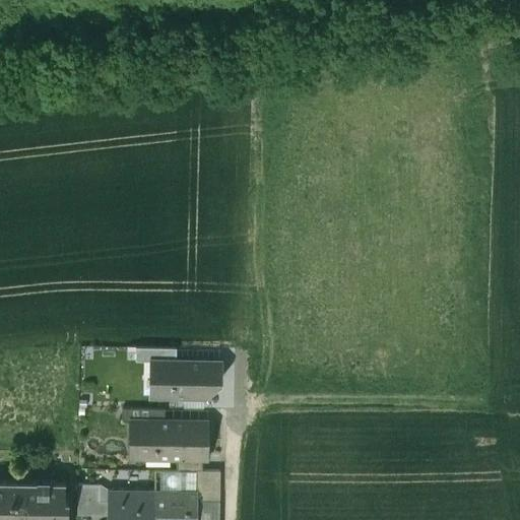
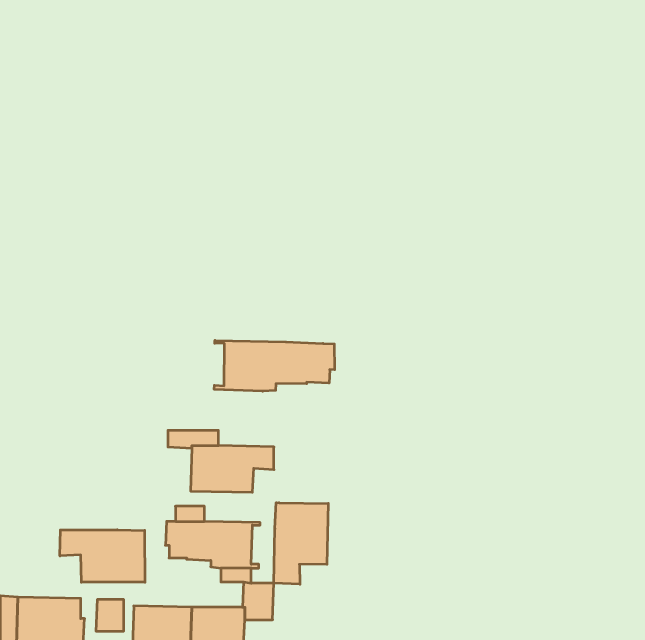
building: none -> [214,340,335,391]
building: none -> [274,503,328,584]
building: none -> [60,530,145,582]

